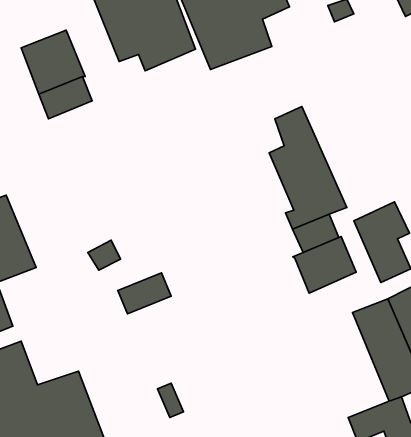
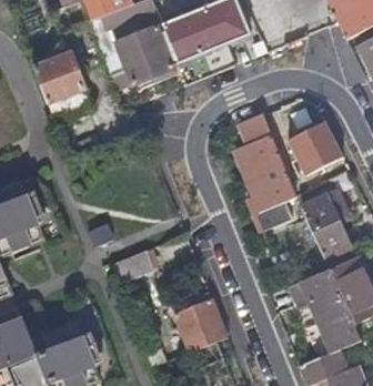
building: none -> [283,119,341,176]
building: [293,236,356,293] -> none
building: none -> [170,296,225,354]

